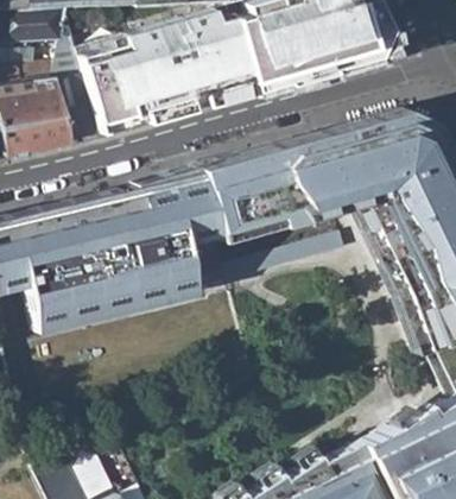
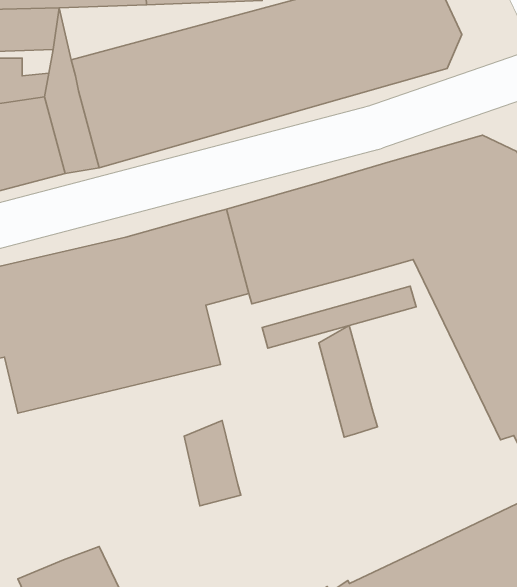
building: none -> [319,326,377,437]
building: none -> [184,421,241,506]

